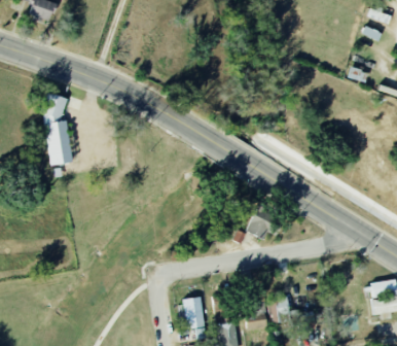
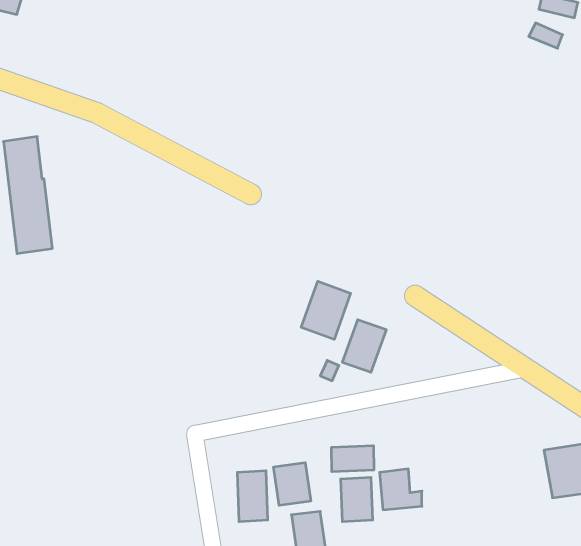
building: none -> [301,281,351,339]
building: none -> [332,446,374,472]
building: none -> [274,463,311,505]

